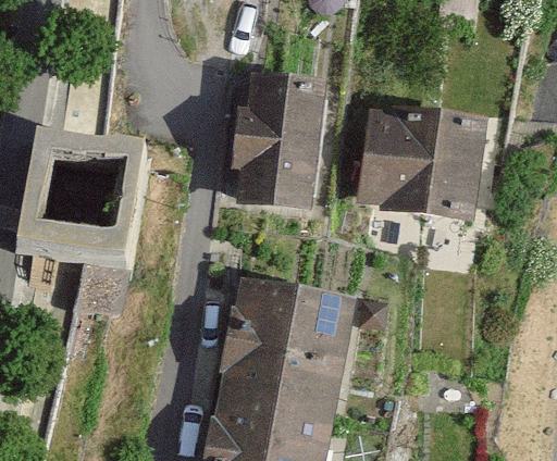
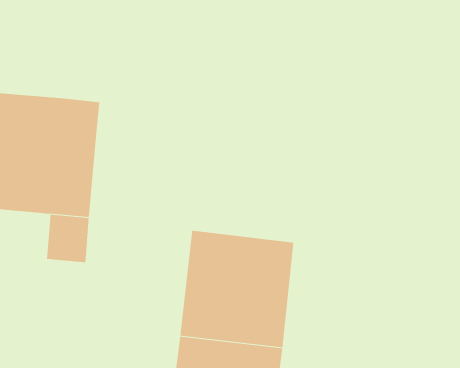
building: [244,77,319,209] -> none
building: [359,111,480,216] -> none

